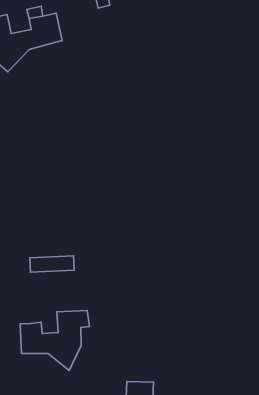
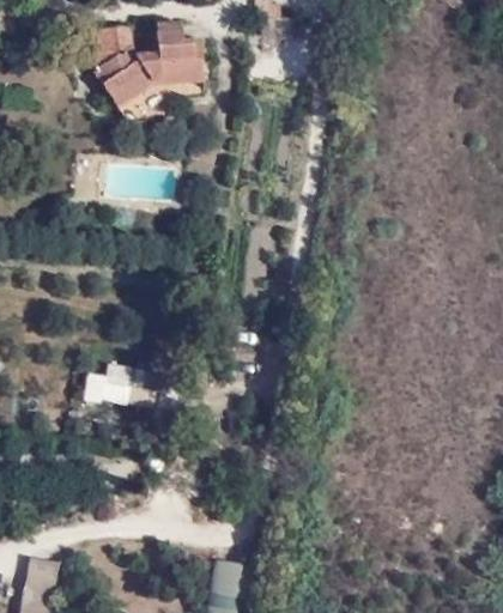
building: [20,310,89,371] -> none

